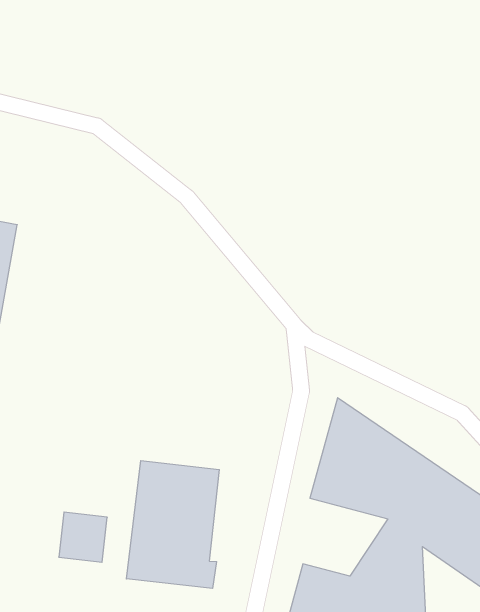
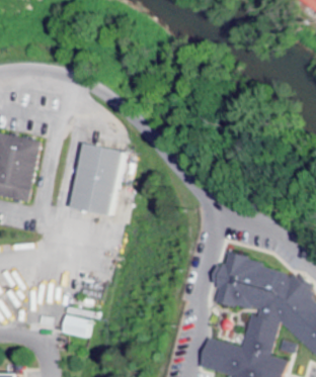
building: none -> [72,143,125,215]
building: [126,461,219,588] -> none

